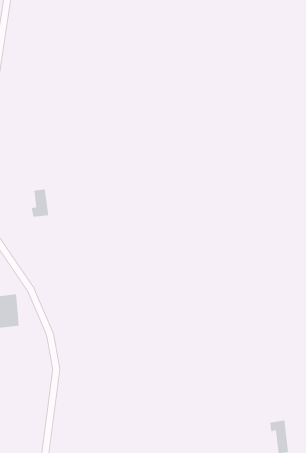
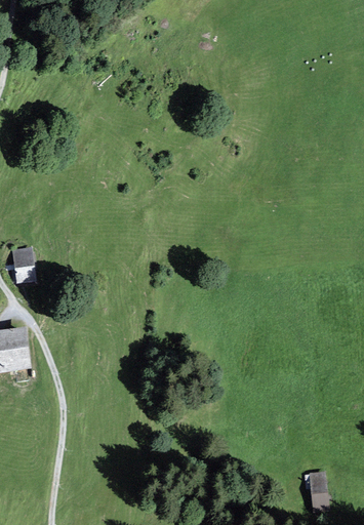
building: [31,189,49,217] -> [13,247,34,279]

